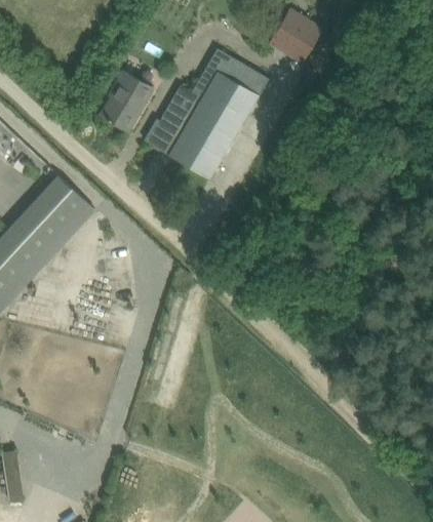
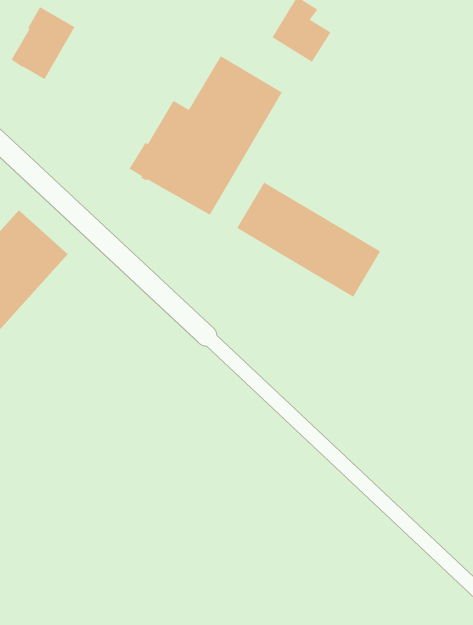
building: [102,73,154,132] -> [11,6,76,80]
building: none -> [236,182,381,298]

